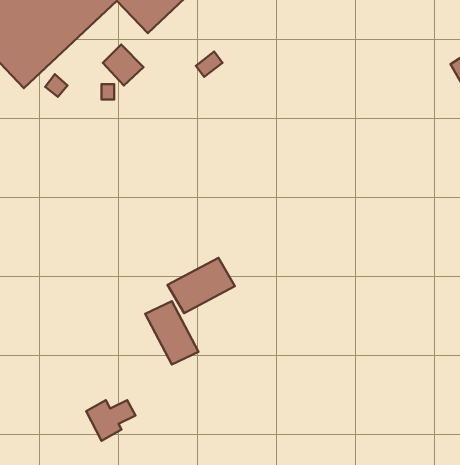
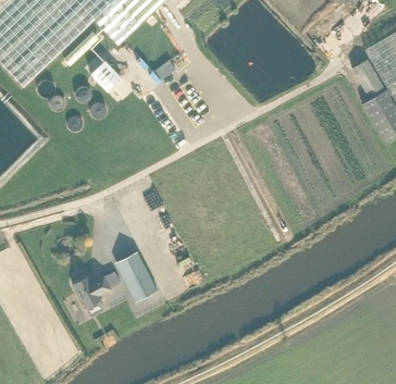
building: [168,258,235,313] -> none
building: [86,400,135,441] -> [73,275,111,307]

